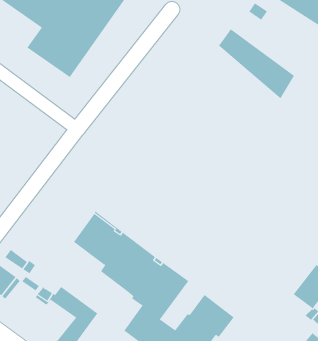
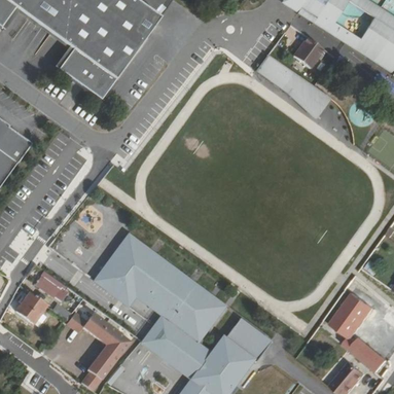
building: none -> [292,33,323,65]
building: none -> [93,267,137,308]
building: none -> [140,318,175,358]

